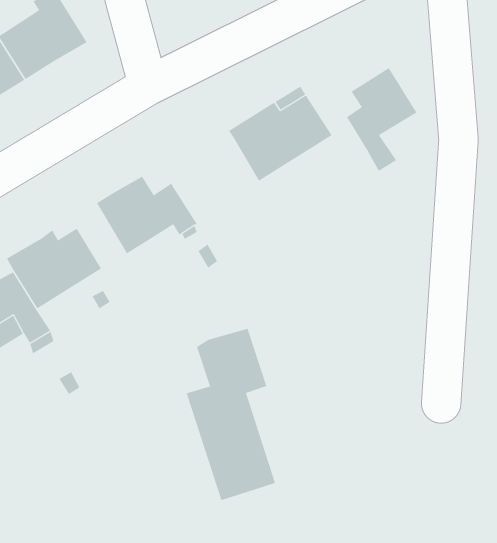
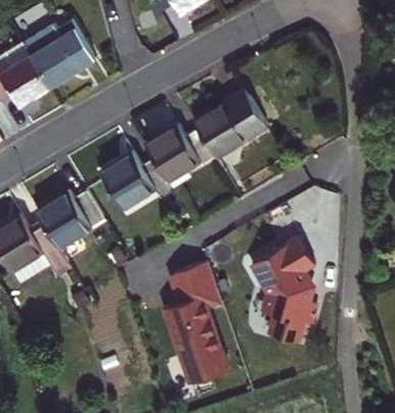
building: [346,67,417,172] -> none
building: none -> [146,126,216,181]
building: none -> [245,239,309,345]

